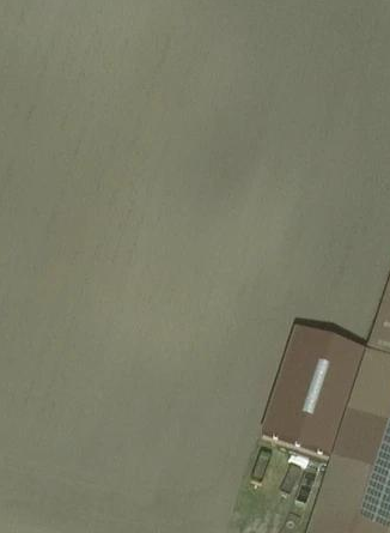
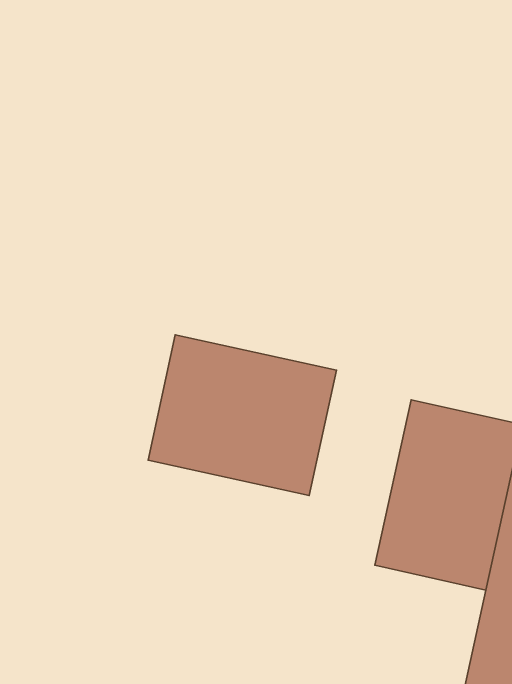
building: none -> [148,335,336,496]

